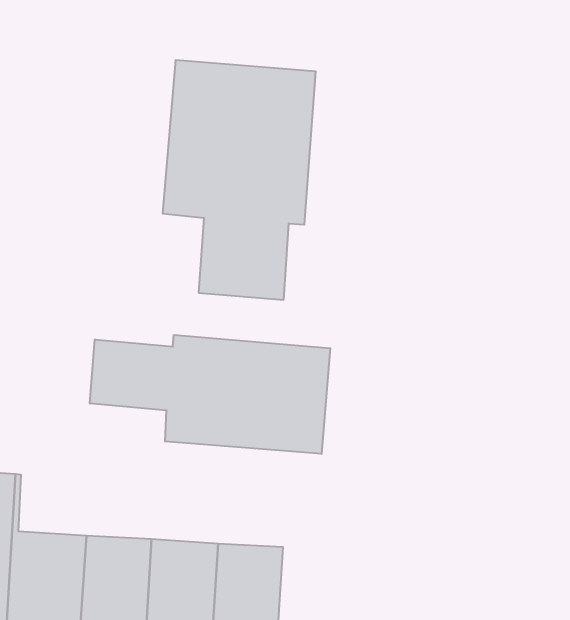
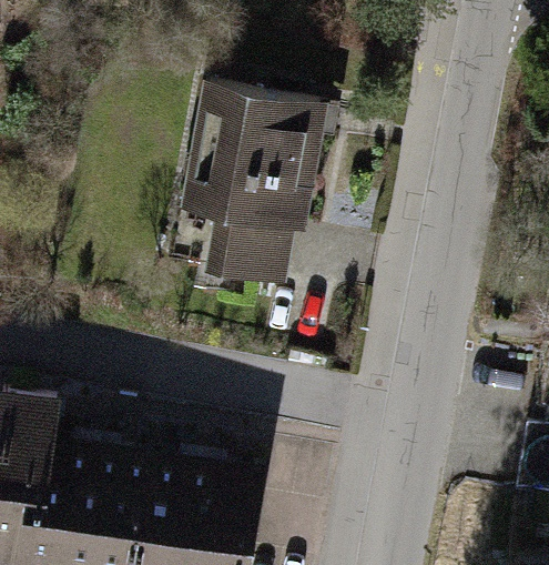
building: [90,335,330,454] -> none

